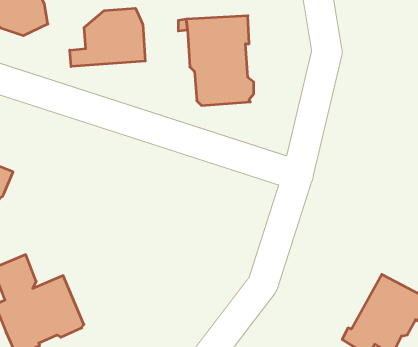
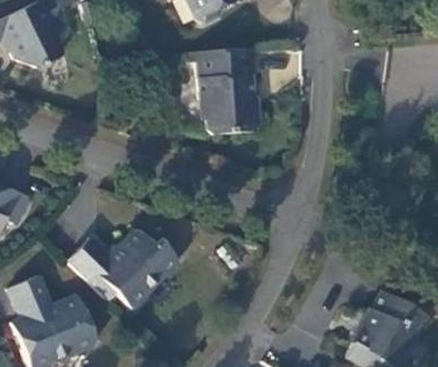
building: [70,8,145,67] -> none
building: none -> [66,230,177,309]

